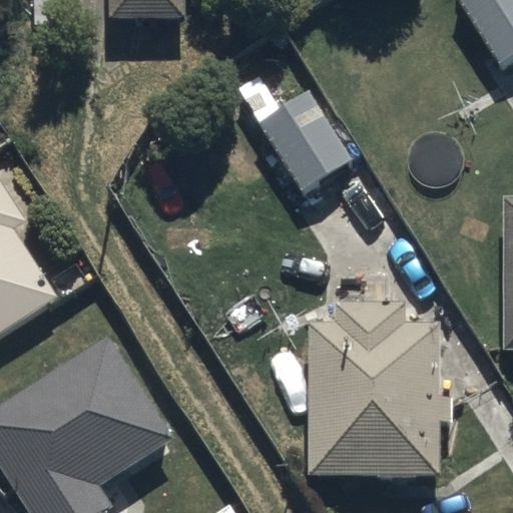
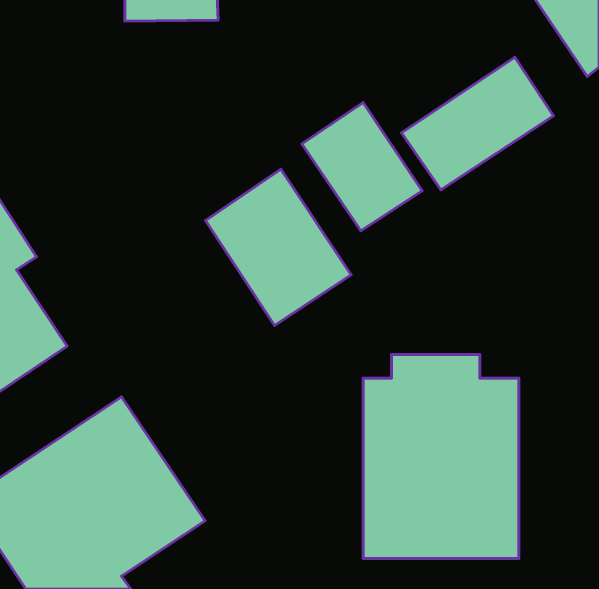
building: none -> [402,57,553,190]
building: none -> [205,169,351,326]

